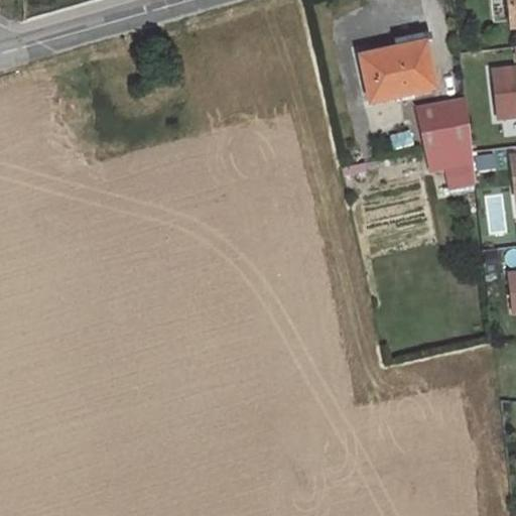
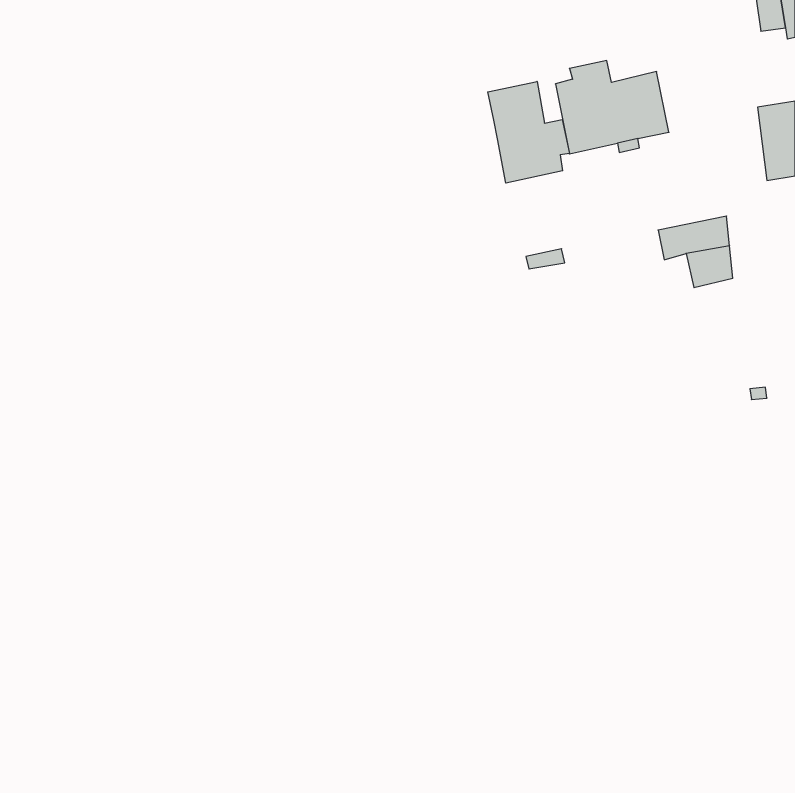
building: none -> [488,81,569,183]
building: [417,99,471,149] -> none

